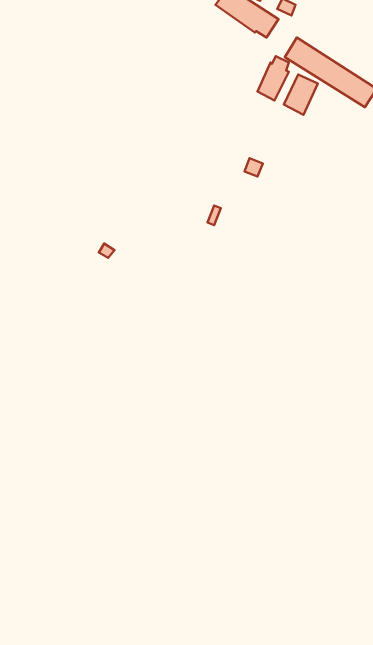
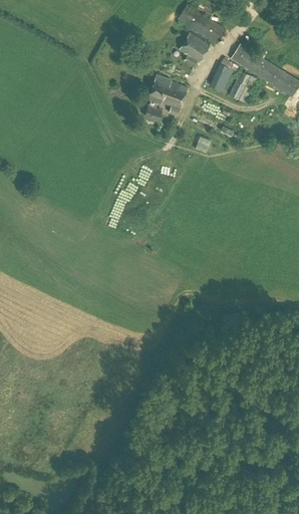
building: none -> [178,32,210,67]
building: none -> [143,74,188,120]

